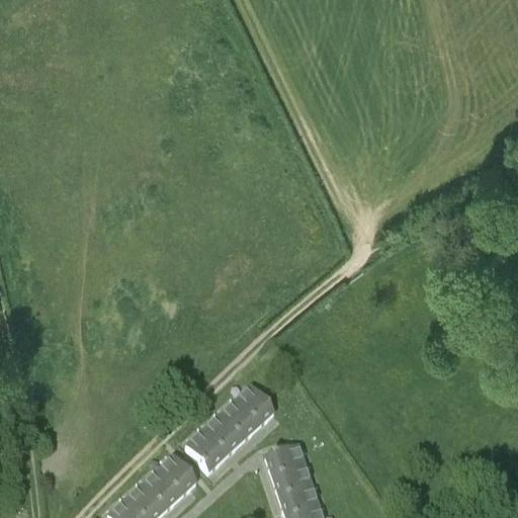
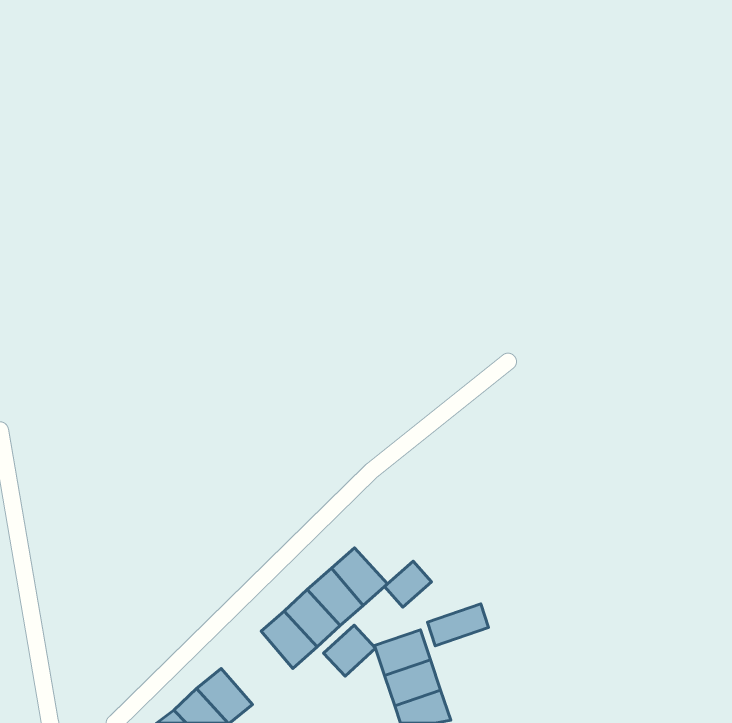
building: none -> [384,561,431,607]
building: none -> [428,604,489,646]
building: none -> [324,625,375,676]
building: [157,456,196,497] -> none

